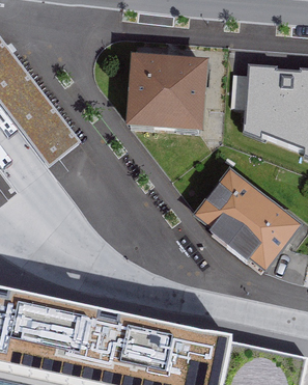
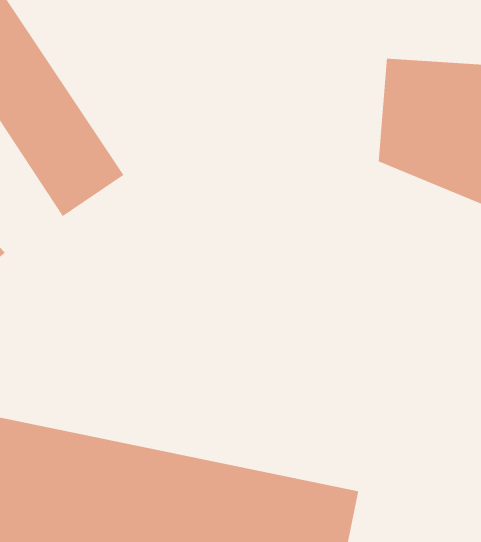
building: [127,56,211,135] -> none
building: [191,172,296,272] -> none

